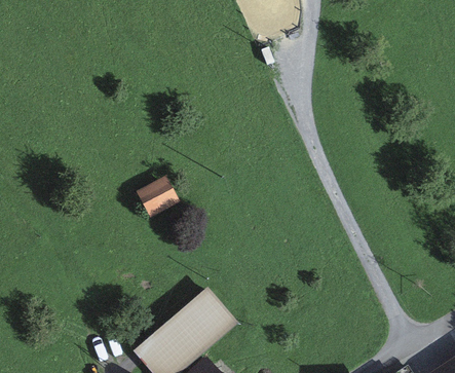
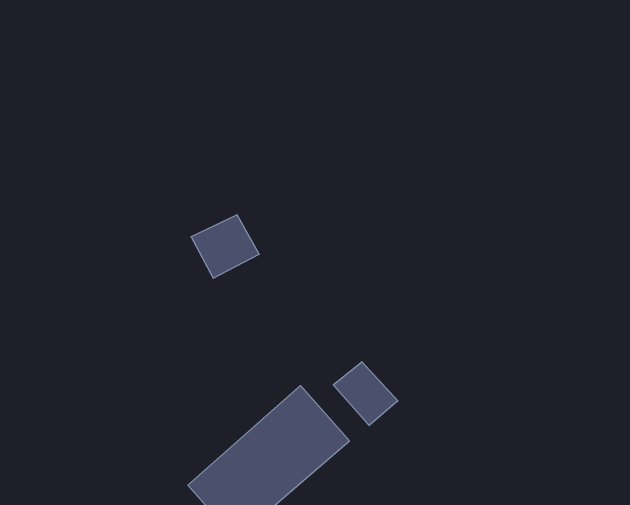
building: none -> [333,362,398,425]

